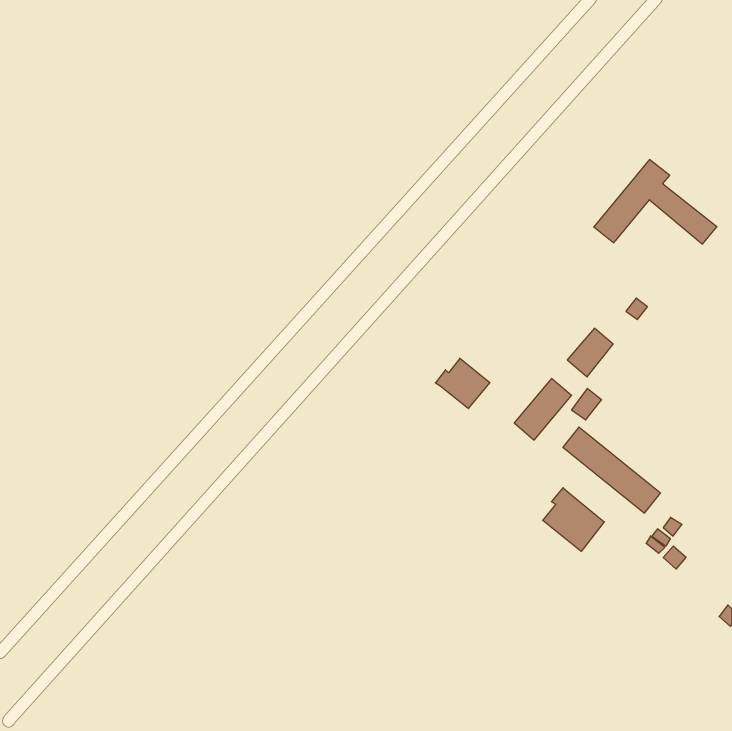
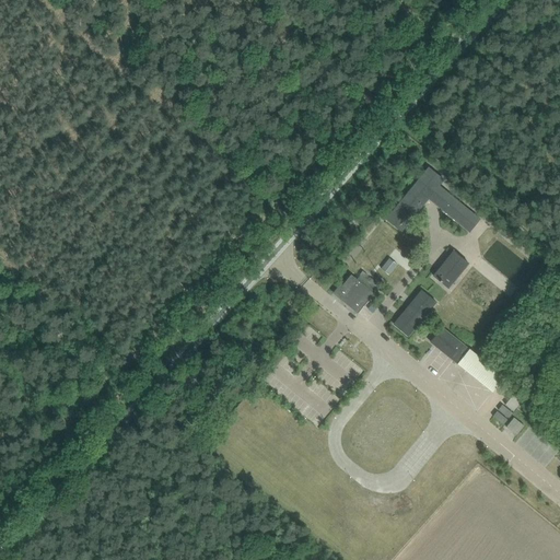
building: [594,160,717,244] -> [386,166,480,231]
building: [543,488,604,551] -> none

